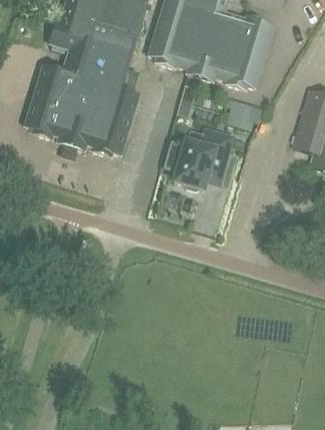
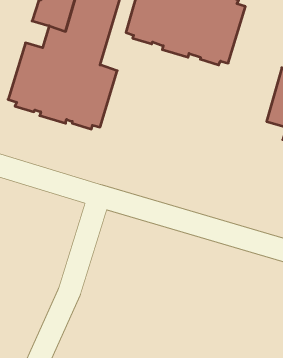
building: [228,98,259,128] -> none
building: [174,129,232,189] -> none

